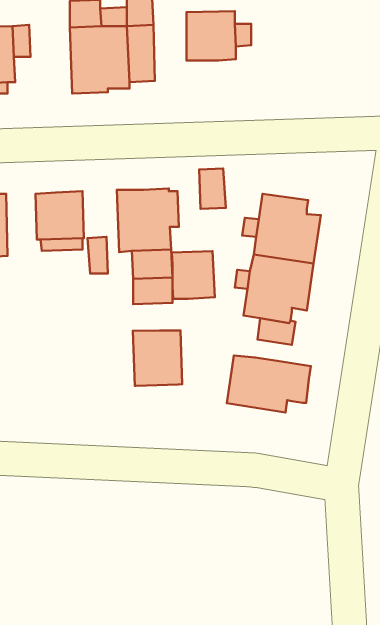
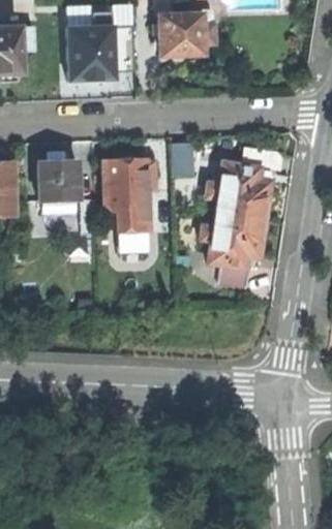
building: [172,251,215,299] -> none
building: [133,330,182,386] -> none
building: [227,356,311,412] -> none

